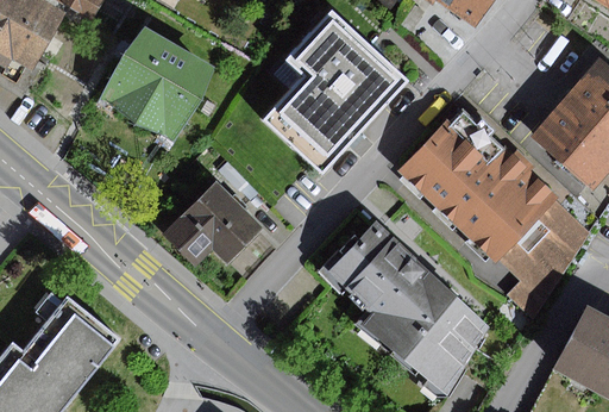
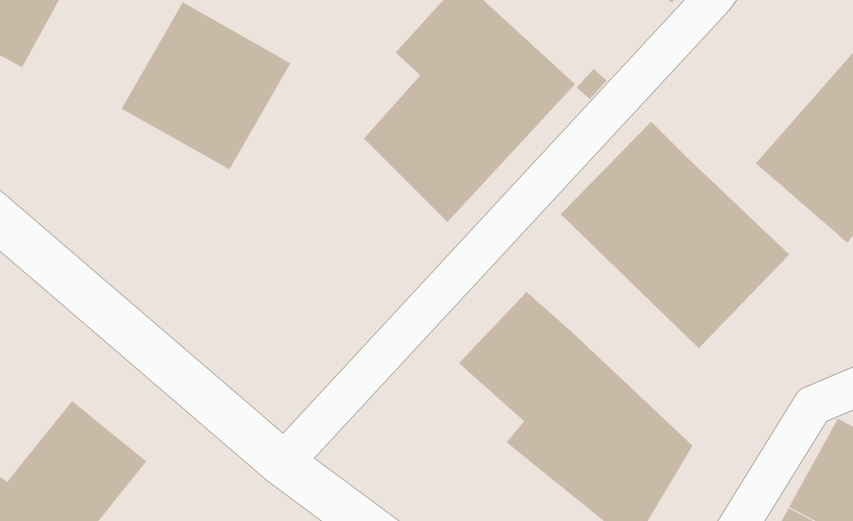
building: [162,179,264,266] -> none
building: [496,196,589,317] -> none

